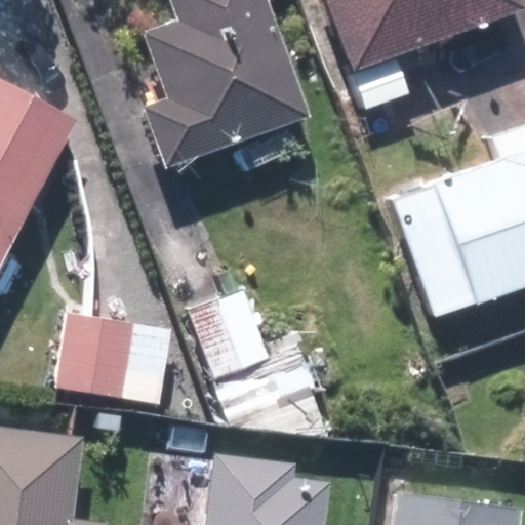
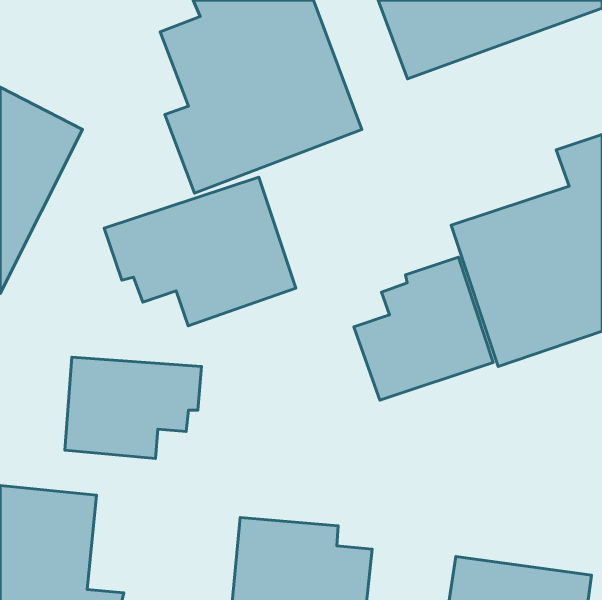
building: none -> [104,177,296,326]
building: none -> [354,257,493,400]
building: [187,289,286,423] -> none

